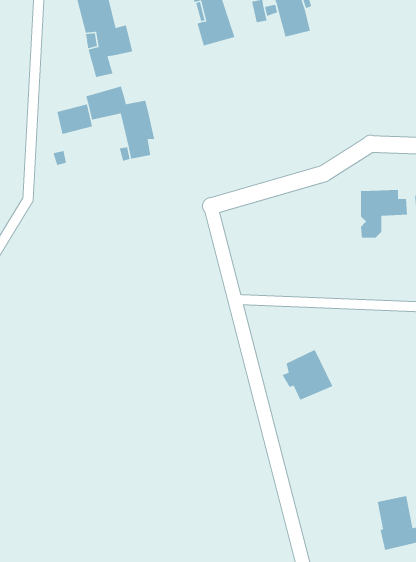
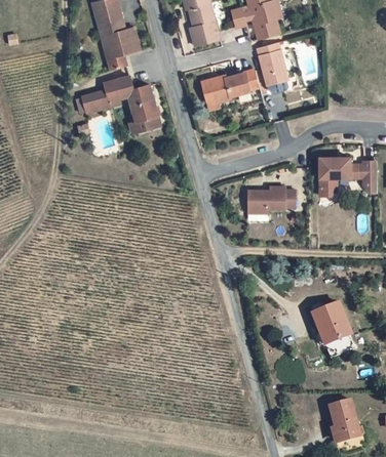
building: none -> [258,42,290,86]
building: none -> [202,71,259,102]
building: none -> [245,185,293,211]
building: [282,349,333,401] -> [306,302,347,343]

